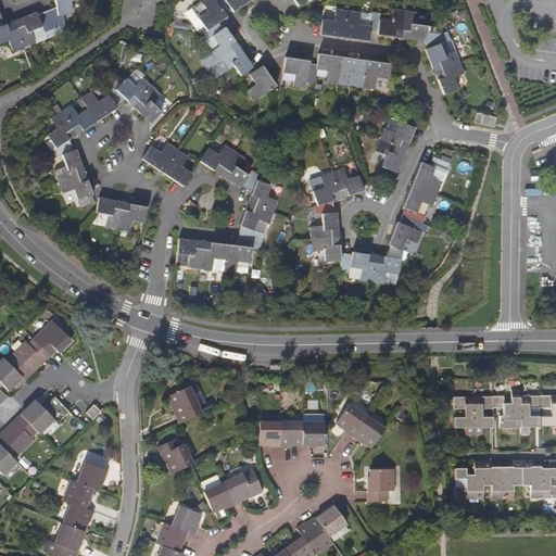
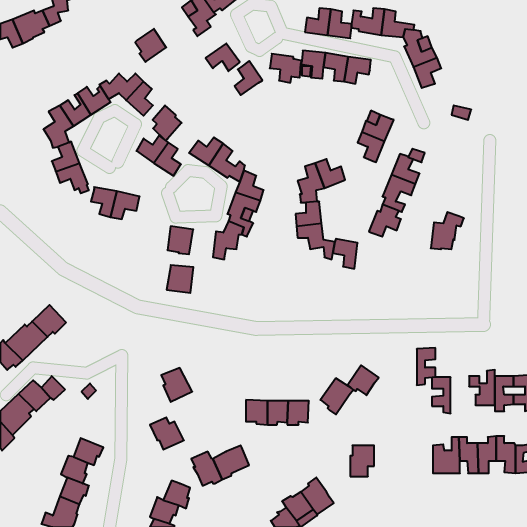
building: [206,26,239,61] -> [135,29,166,62]
building: none -> [153,105,182,141]
building: [200,241,228,270] -> [167,265,193,293]
building: [374,244,408,283] -> [431,212,464,249]
building: [475,395,494,434] -> [417,348,435,385]
building: [354,415,387,446] -> [348,365,379,395]

